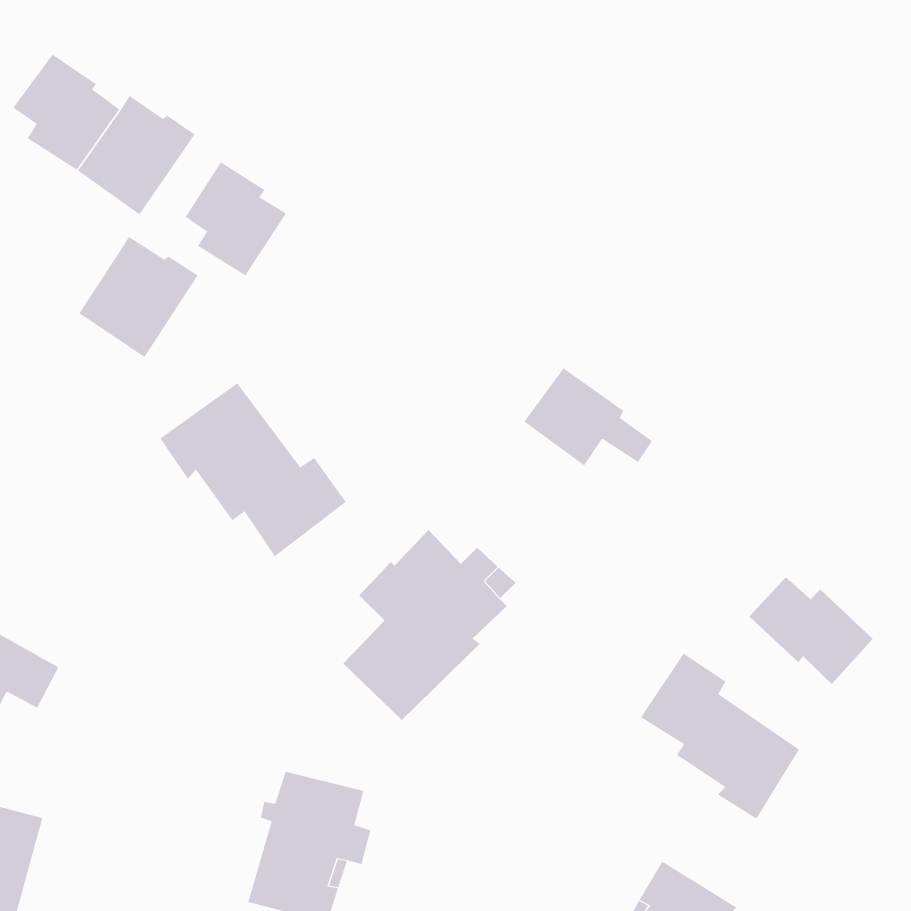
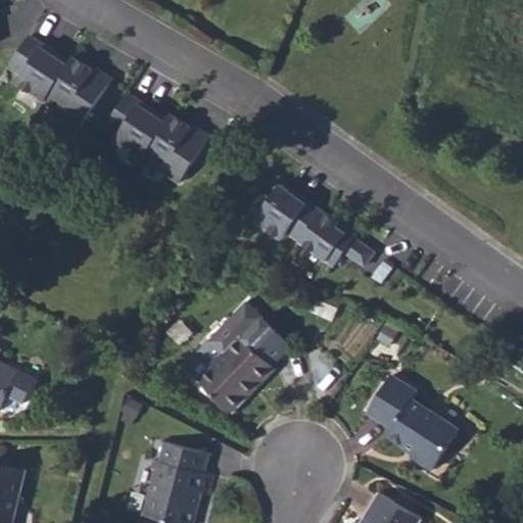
building: [78,236,199,358] -> [140,116,208,186]
building: none -> [254,187,321,243]
building: [159,383,347,557] -> none
building: [749,576,874,685] -> none

